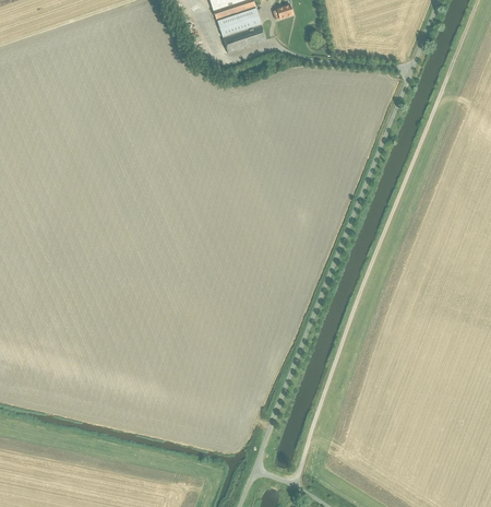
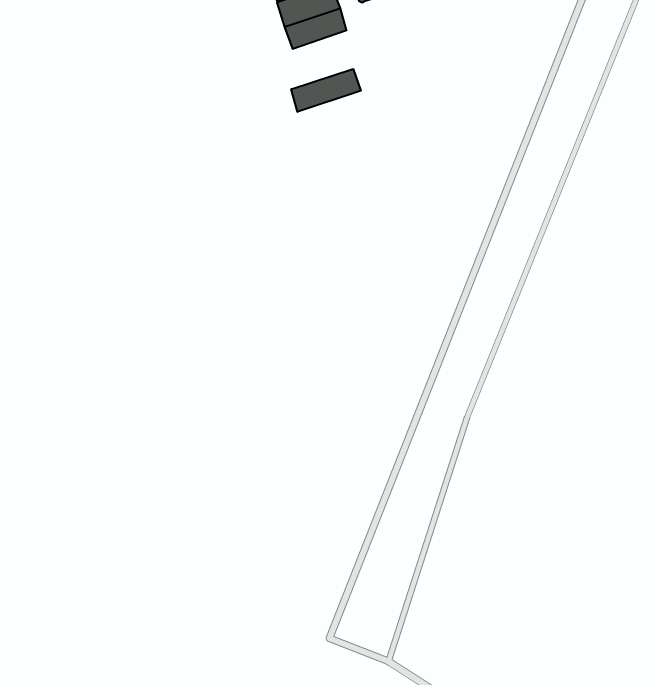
building: none -> [291,69,361,112]

